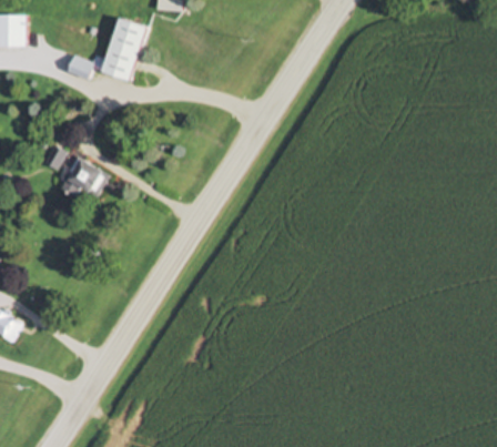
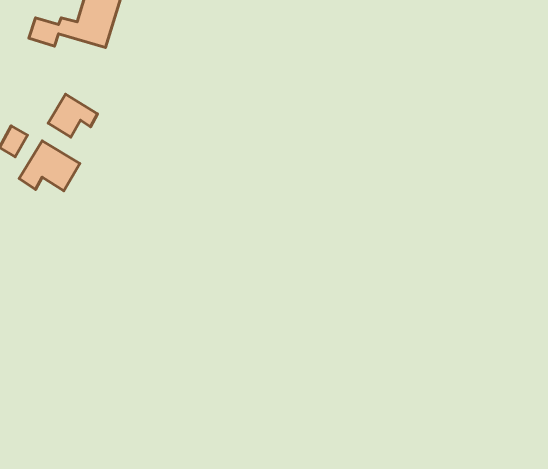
building: none -> [48,94,98,137]

